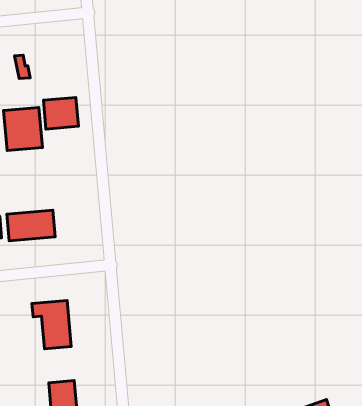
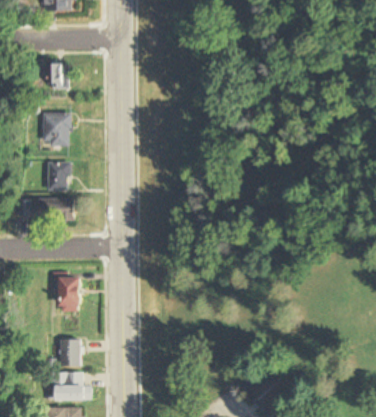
building: [43,97,78,129] -> none
building: none -> [47,161,70,191]

